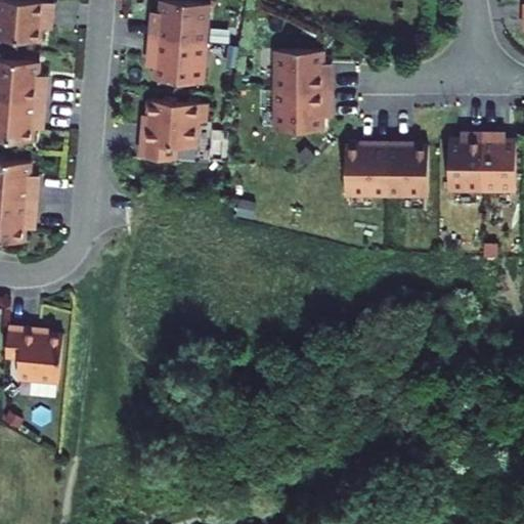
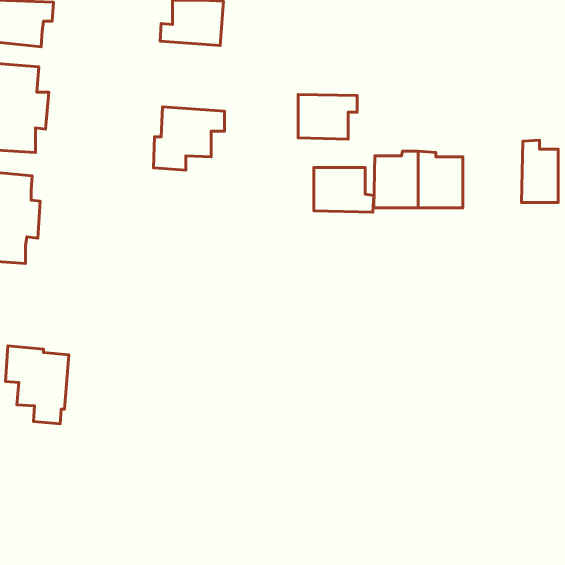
building: [146,41,203,84] -> none
building: [274,50,330,91] -> [314,168,374,212]
building: [446,132,481,189] -> none

